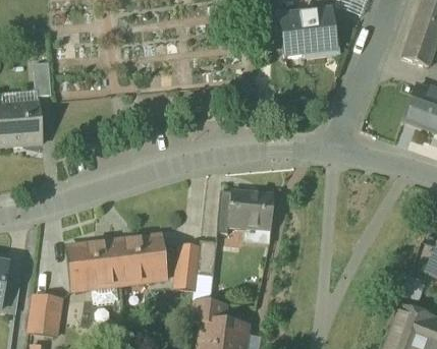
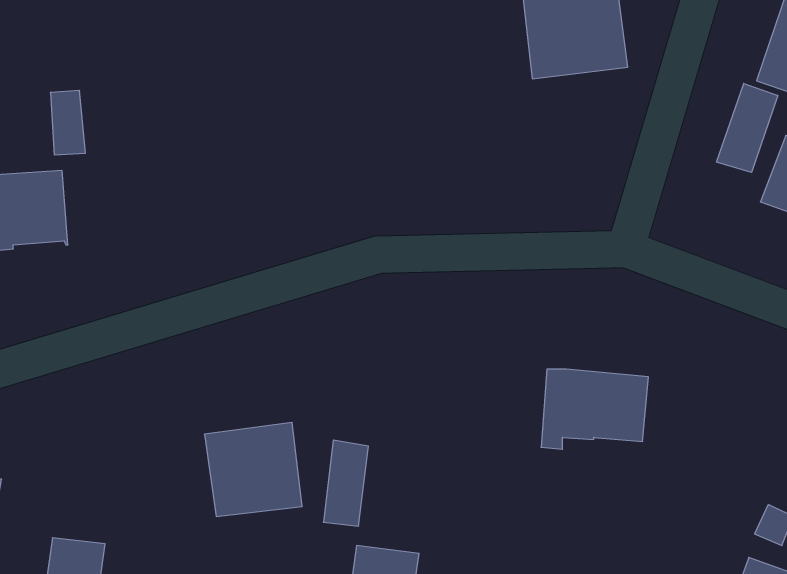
building: none -> [717,83,778,172]
building: [219,190,275,232] -> [541,369,648,449]
building: [69,240,121,288] -> none

